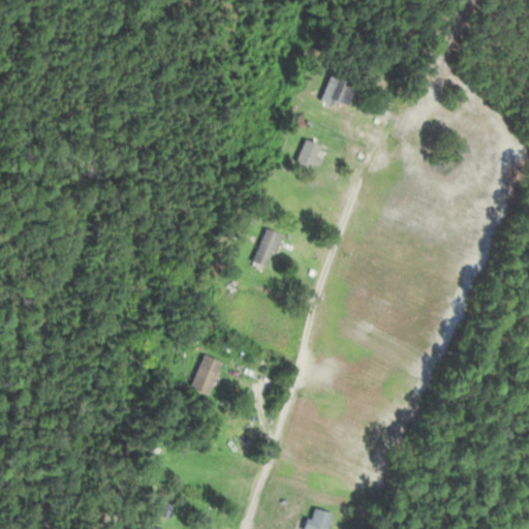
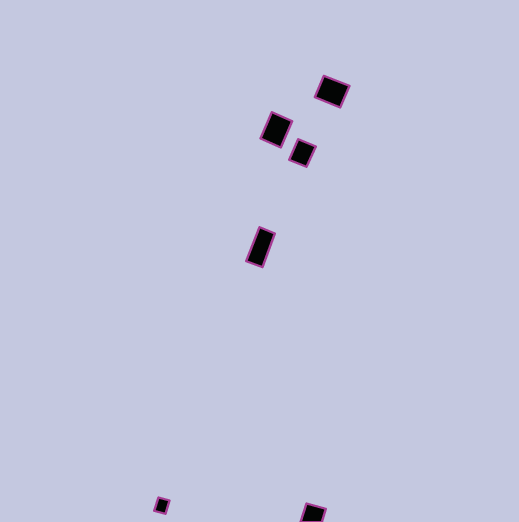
building: none -> [261,112,292,148]
building: [190,355,221,397] -> none

